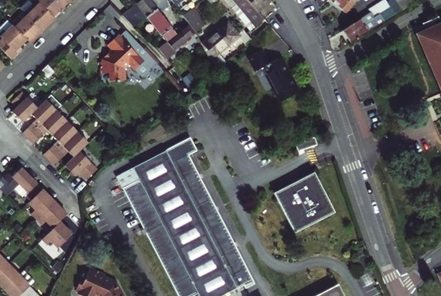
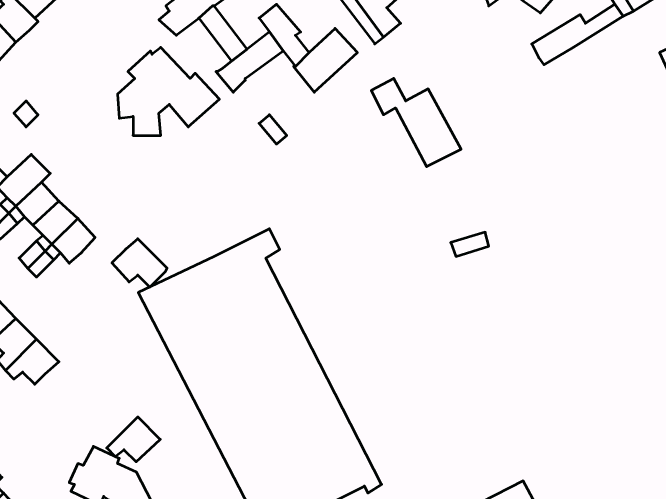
building: [65,151,97,179] -> [112,239,167,287]
building: [273,173,333,234] -> none
building: [41,221,72,247] -> [107,417,160,462]

